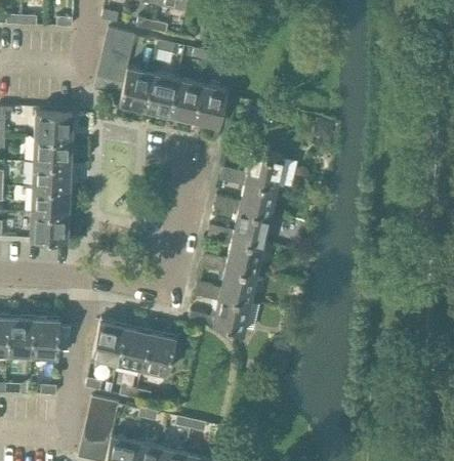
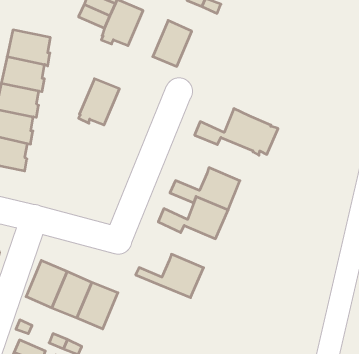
building: [145,75,177,117] -> [79,79,119,125]
building: [193,86,226,127] -> none
building: [214,179,277,216] -> none
building: [194,266,256,302] -> none

